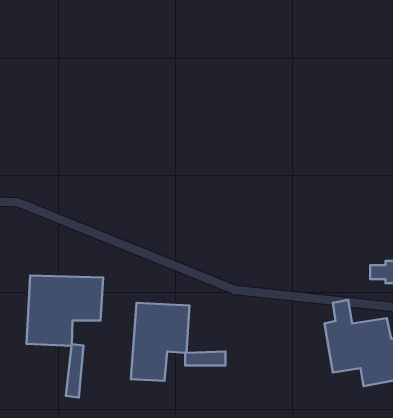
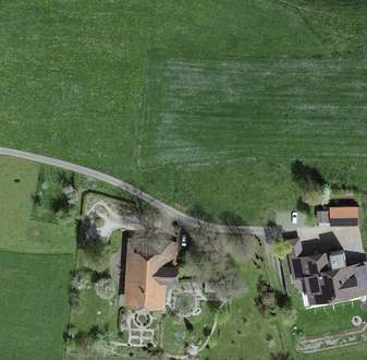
building: [26,275,103,397] -> none

